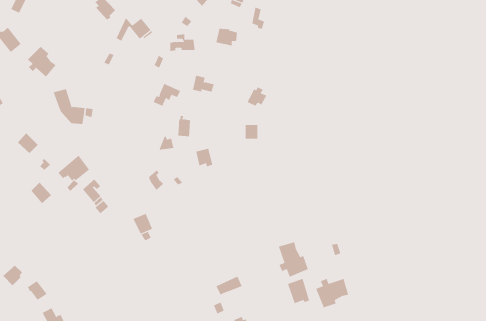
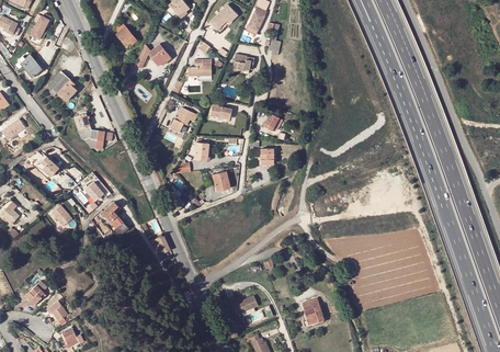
building: [278,242,308,277] -> none
building: [315,278,349,308] -> none

